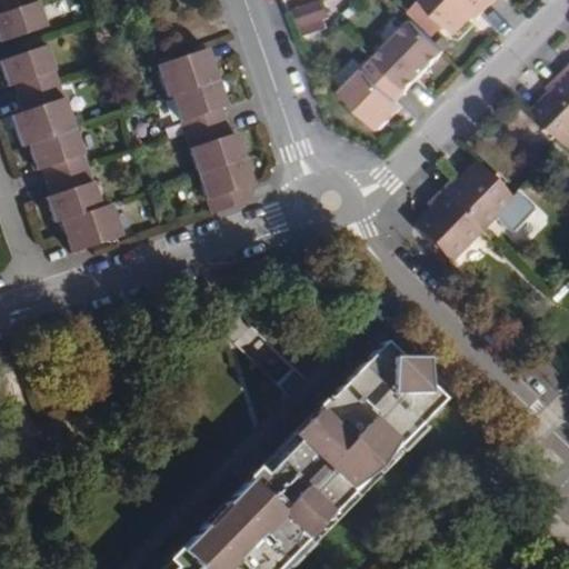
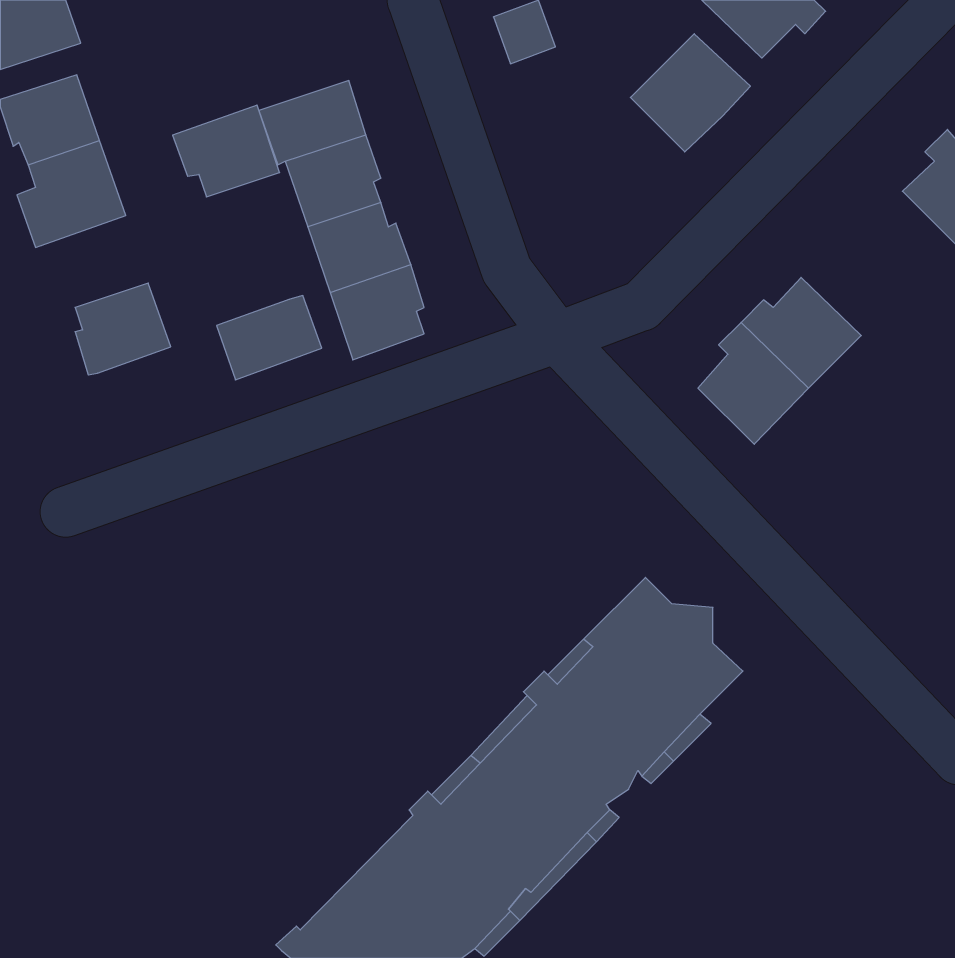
building: [341,58,408,130] -> none
building: [27,128,90,182] -> [173,105,280,197]
building: [60,203,122,253] -> [217,296,322,380]

